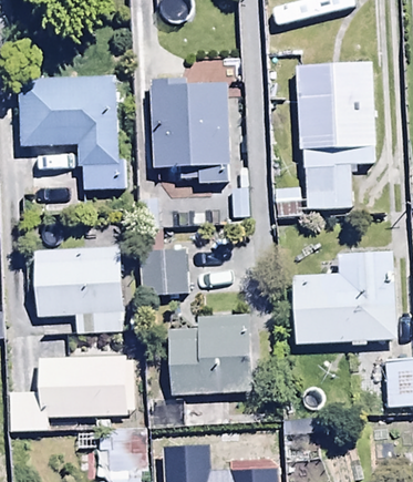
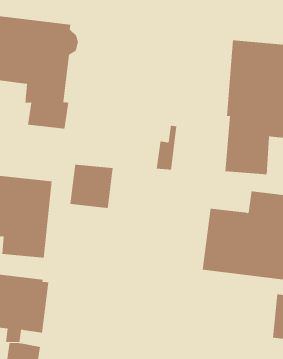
building: [149,78,229,184] -> none
building: [167,316,250,396] -> none

